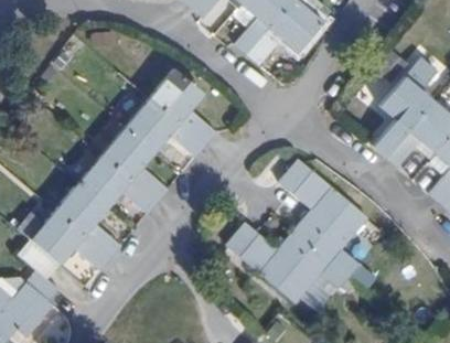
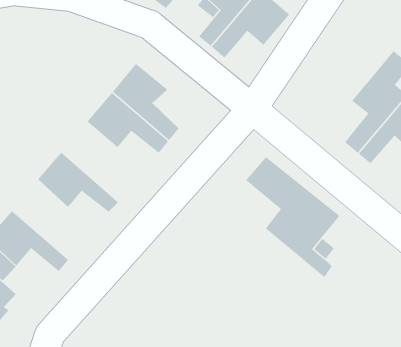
building: [100,126,167,203] -> none
building: [53,181,119,258] -> none
building: [227,223,353,303] -> none

